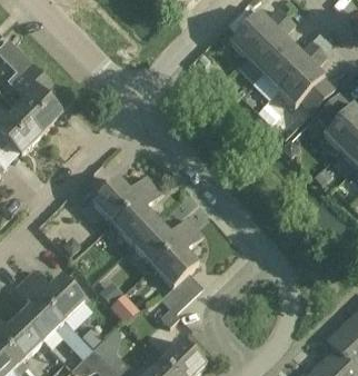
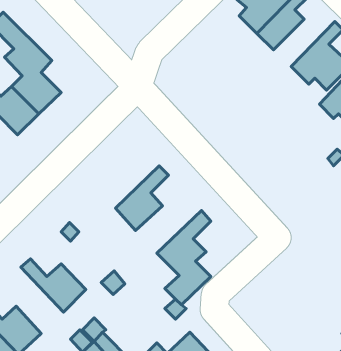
building: [262,40,320,89] -> none
building: [92,174,155,222] -> none
building: [132,217,195,265] -> none
building: [16,278,64,340] -> none

